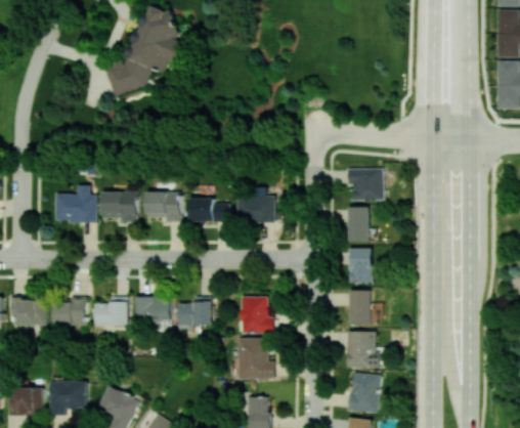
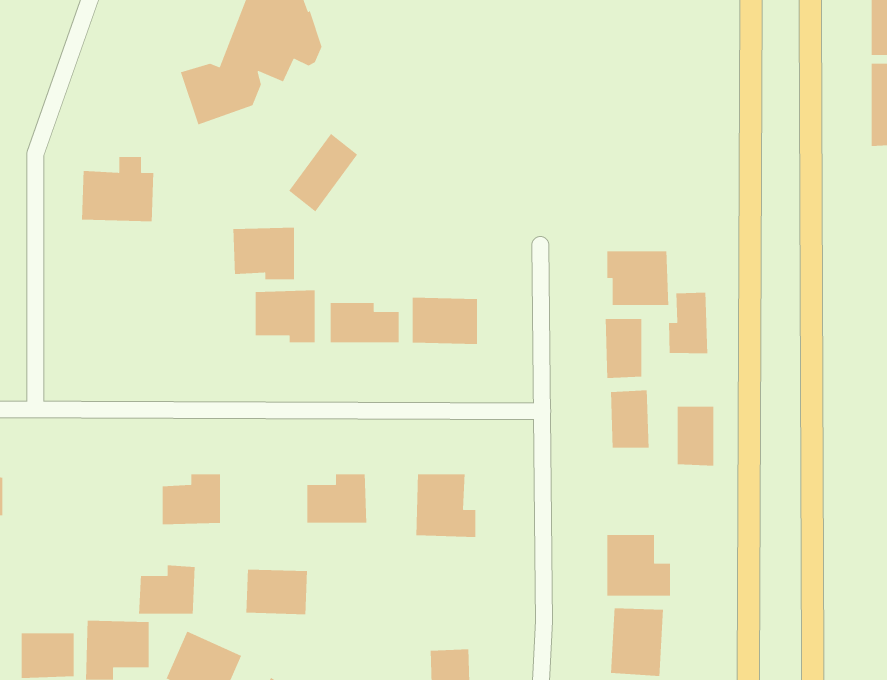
building: none -> [288,133,358,213]
building: [54,185,96,223] -> [81,156,154,222]
building: [101,191,137,222] -> [232,227,295,280]
building: none -> [668,292,708,354]
building: [349,291,371,326] -> [677,406,714,467]
building: [52,297,85,326] -> [138,565,195,615]
building: [134,297,170,324] -> [245,569,308,615]
building: [8,298,43,327] -> none
building: [236,338,274,379] -> none

